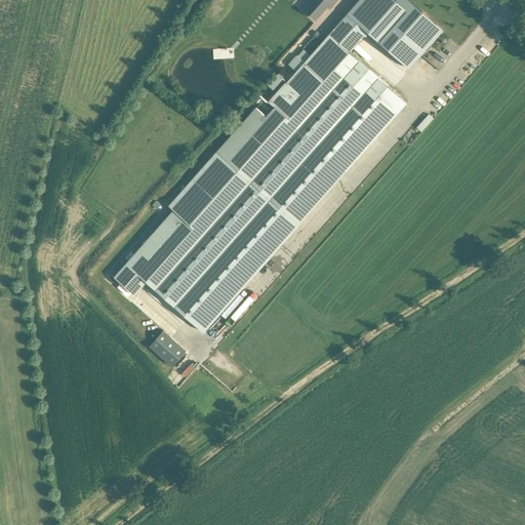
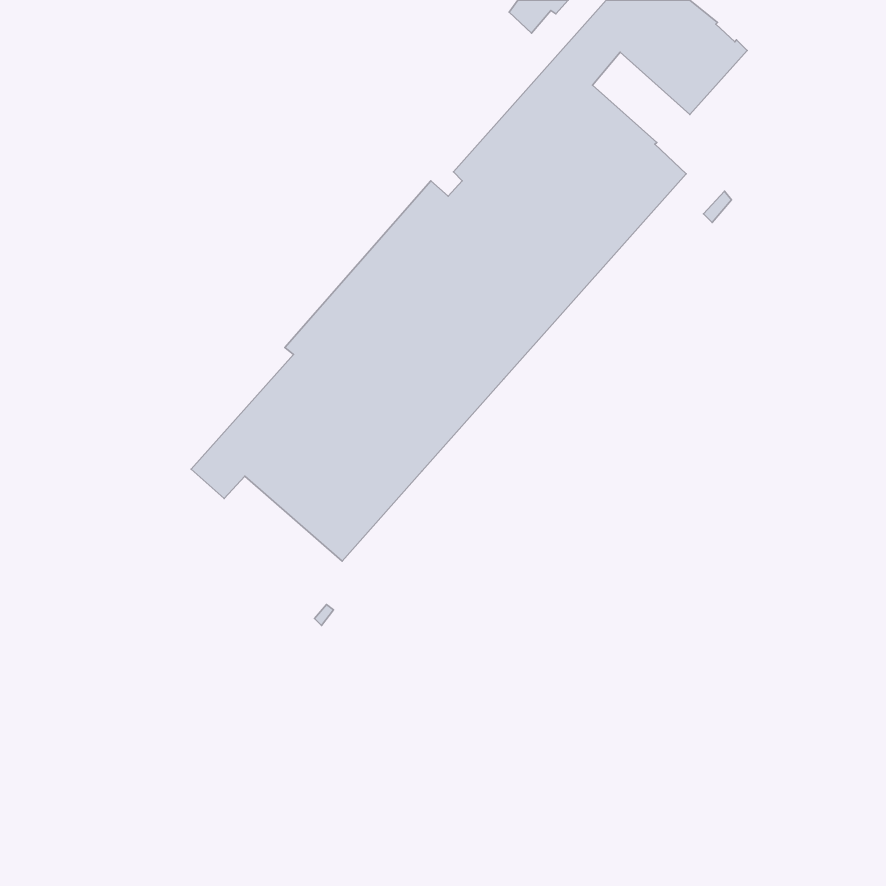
building: [147,330,185,367] -> none

